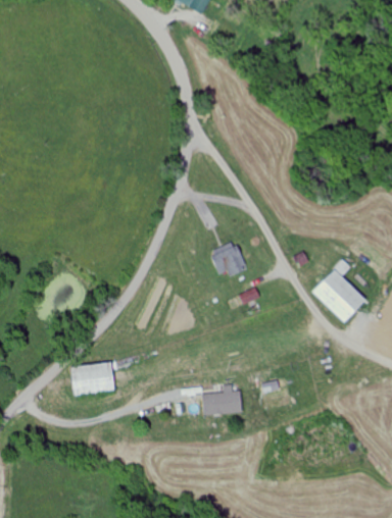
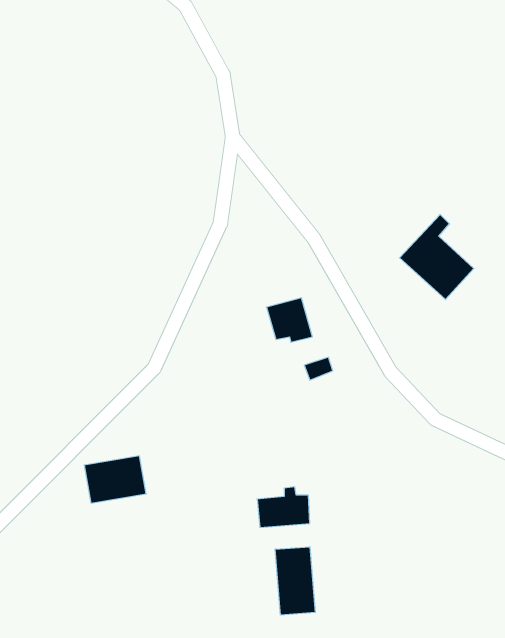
building: [311,259,367,323] -> [400,214,474,300]
building: none -> [275,547,315,615]

